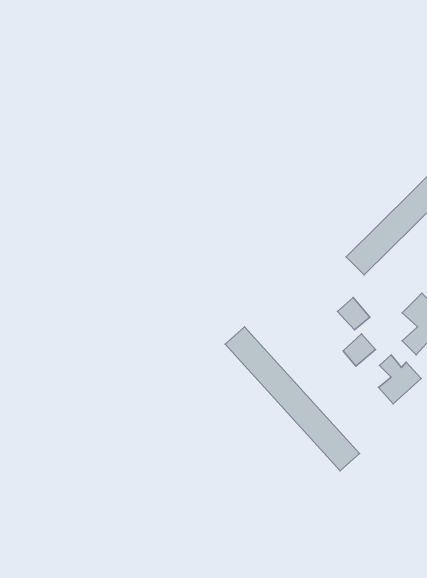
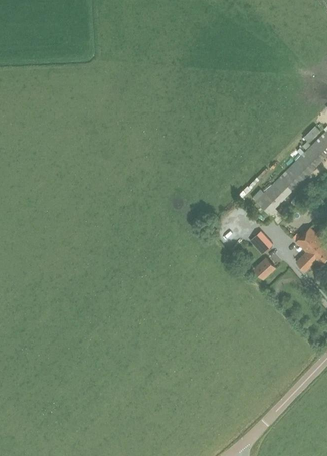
building: [225,327,359,471] -> none
building: [379,355,421,404] -> none

